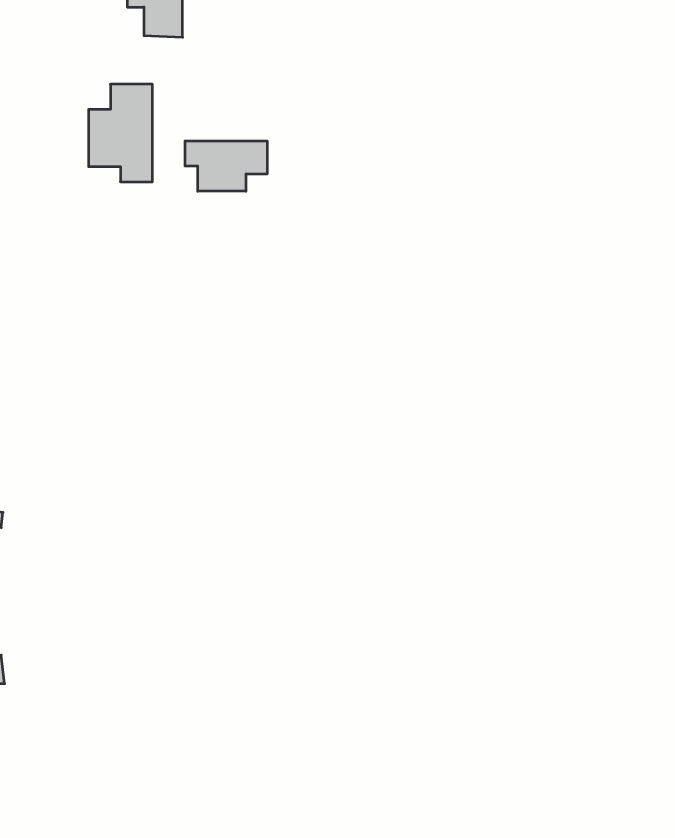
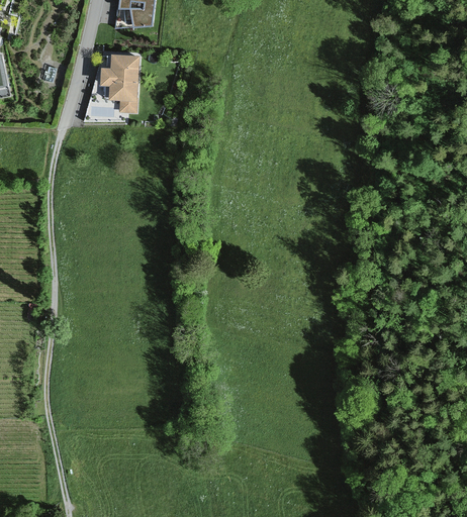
building: [185,141,267,191] -> none

